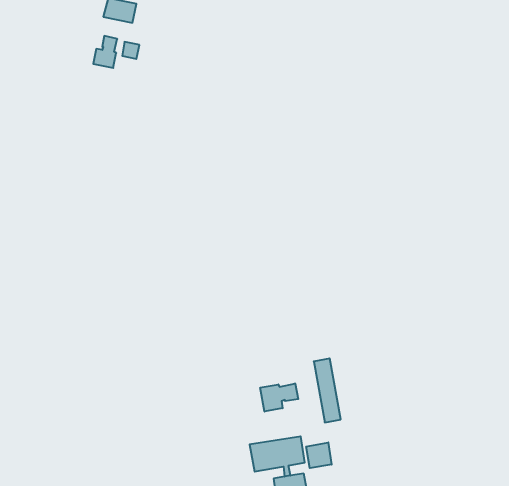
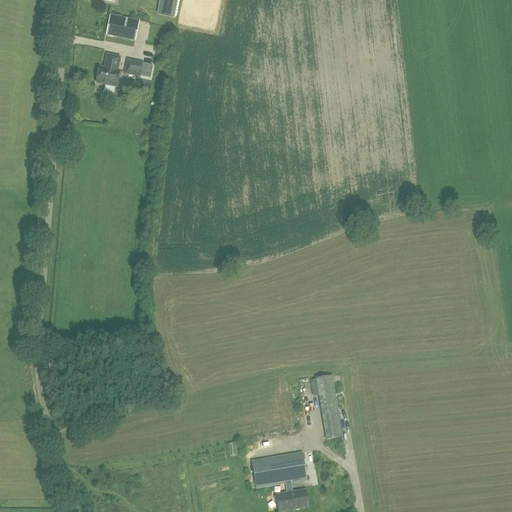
building: [260,383,298,412] -> none
building: [306,442,332,468] -> none

